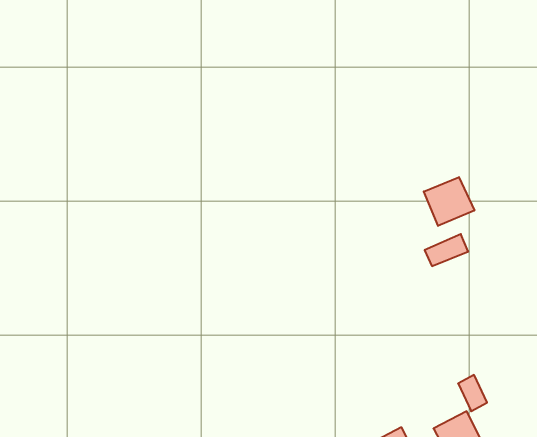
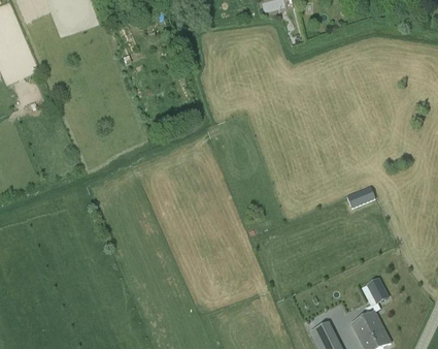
building: [424,177,474,226] -> none

